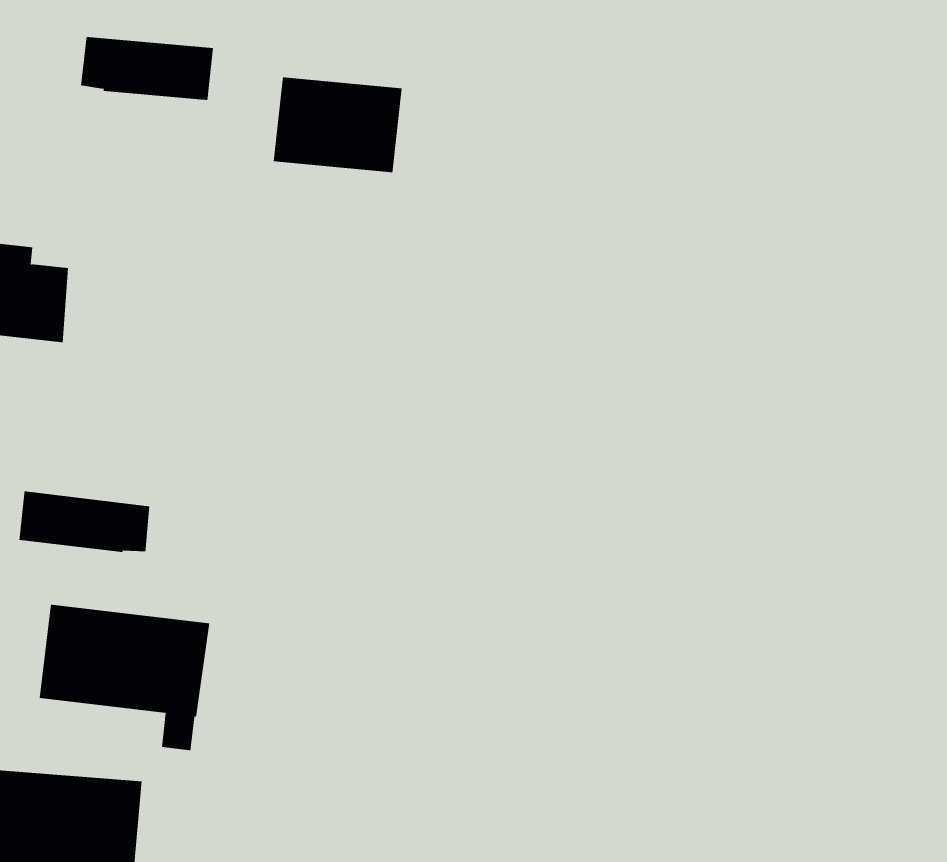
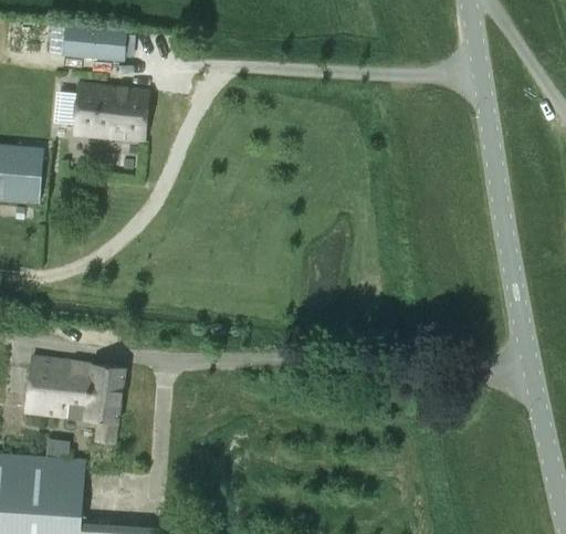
building: [273,77,403,173] -> [73,84,149,140]
building: [19,491,150,553] -> none

